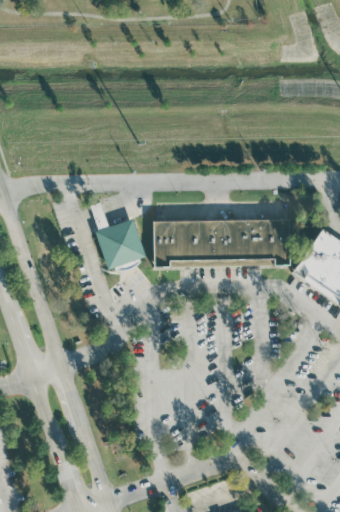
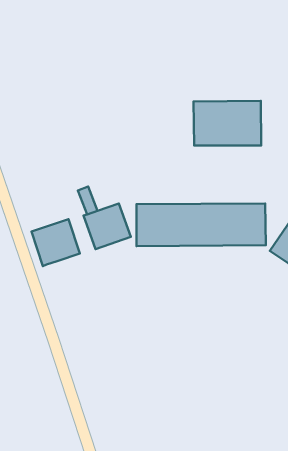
building: none -> [193,101,261,145]
building: none -> [32,219,80,266]

